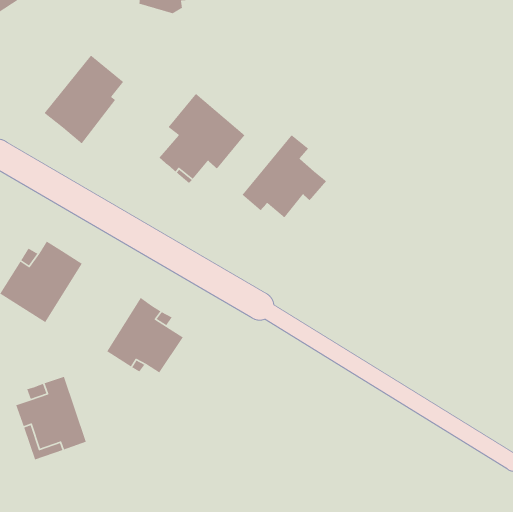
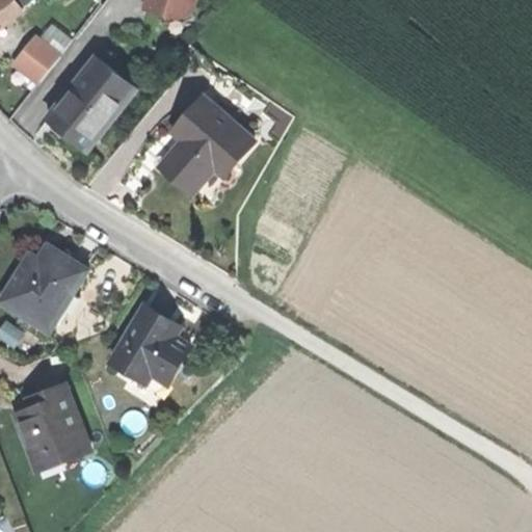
building: none -> [18,35,60,79]
building: [241,134,327,218] -> none

